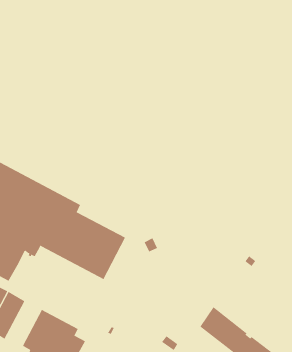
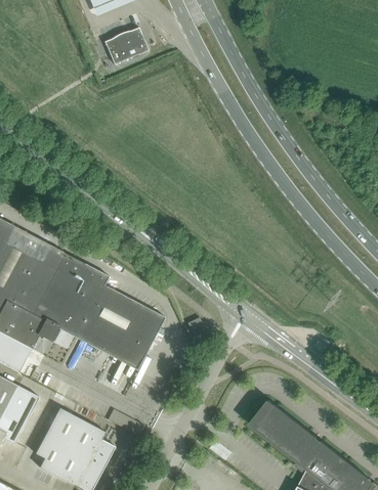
building: none -> [104,28,149,64]

